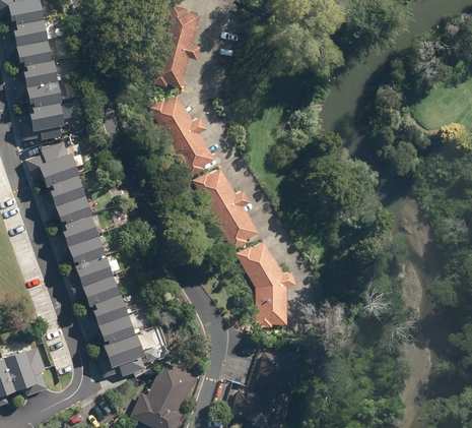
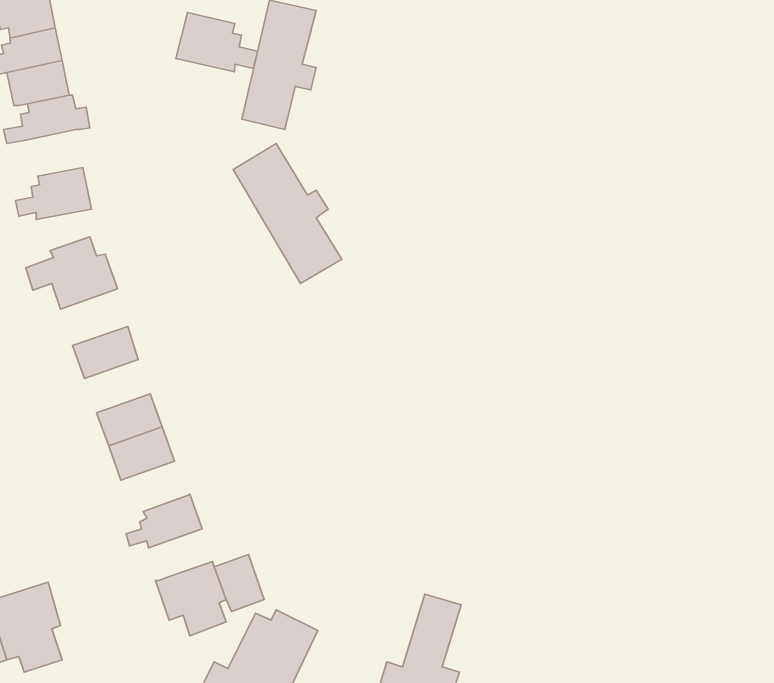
building: none -> [176,12,258,72]
building: [27,80,72,108] -> none
building: [194,164,254,246] -> none
building: [44,175,87,207] -> none
building: [56,216,100,247] -> none
building: [237,242,290,323] -> none
building: [83,276,122,307] -> none
building: [99,315,137,344] -> none

